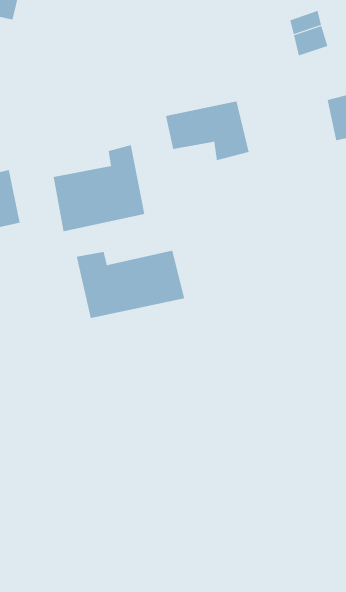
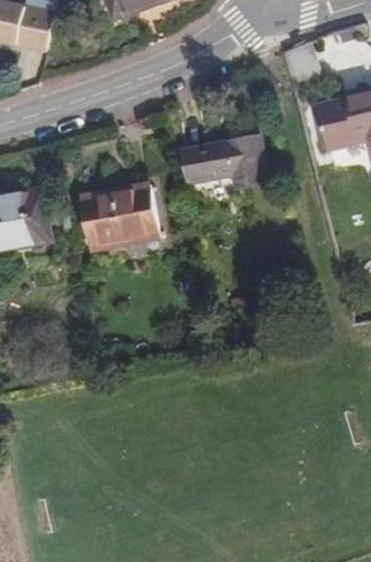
building: [76,250,185,319] -> none

